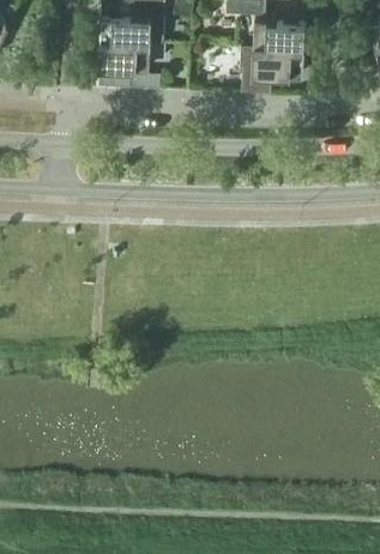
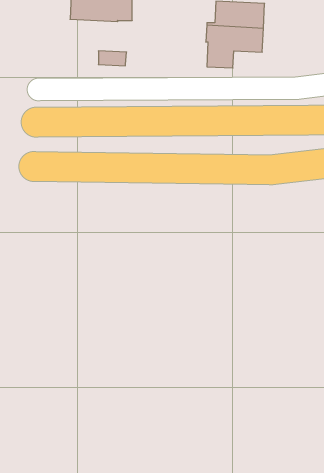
building: [99,41,151,70] -> none

